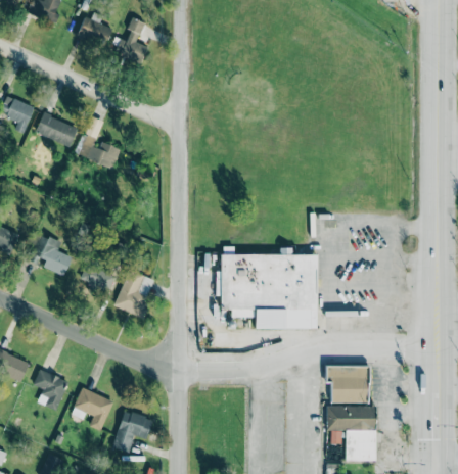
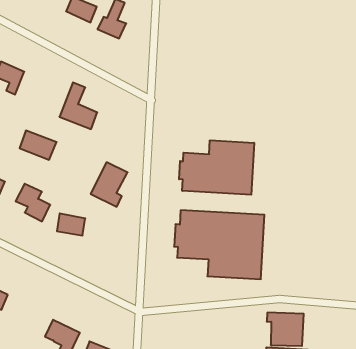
building: [36,114,78,146] -> [20,131,57,160]
building: none -> [179,140,254,195]
building: [113,270,154,320] -> [91,162,128,207]
building: [34,370,67,411] -> none

